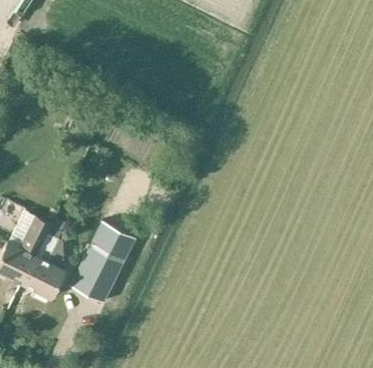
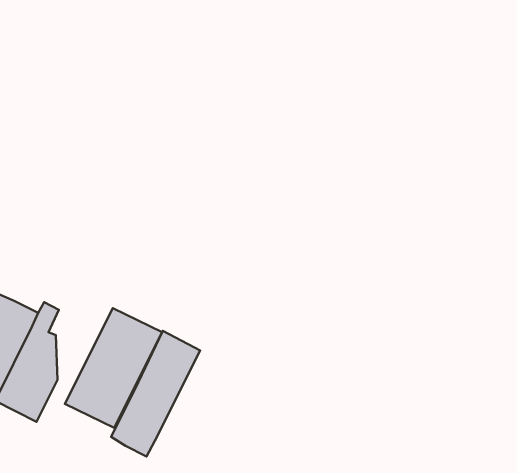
building: none -> [111,331,200,456]

